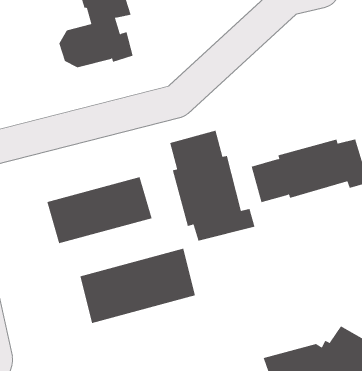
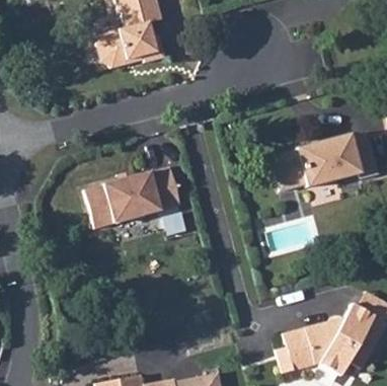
building: [169,130,255,242] -> none
building: [80,248,196,324] -> none

